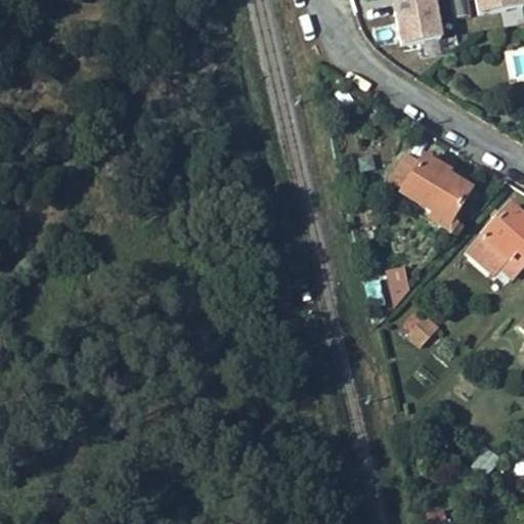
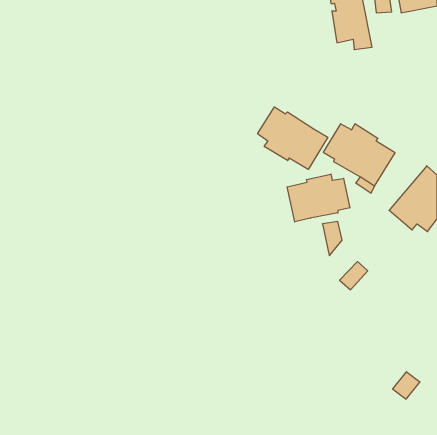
building: none -> [258,107,328,169]
building: none -> [287,174,350,222]

